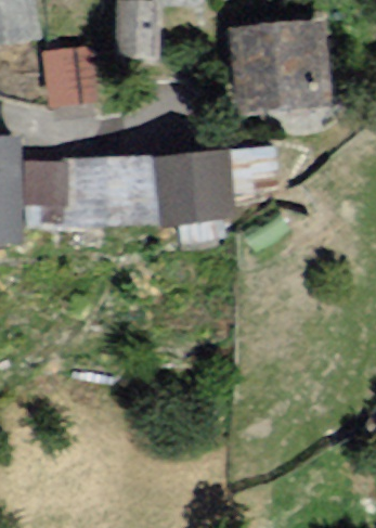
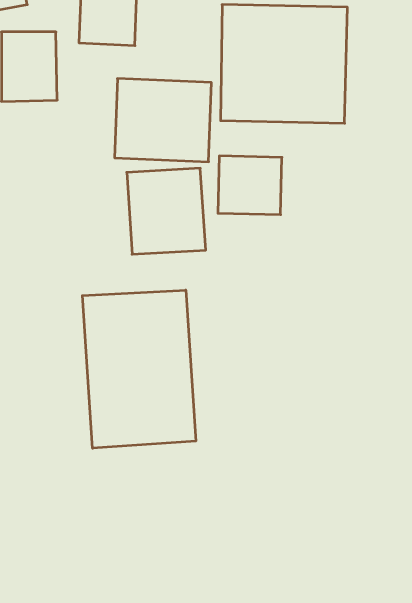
building: [46,154,122,220] -> [115,79,211,162]
building: none -> [82,290,196,448]

